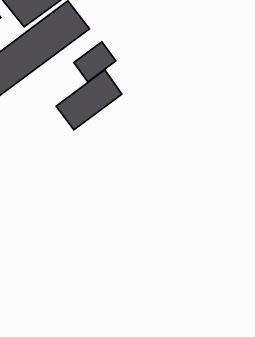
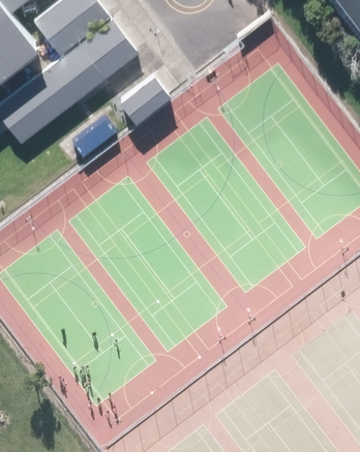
building: [56,70,122,130] -> none

